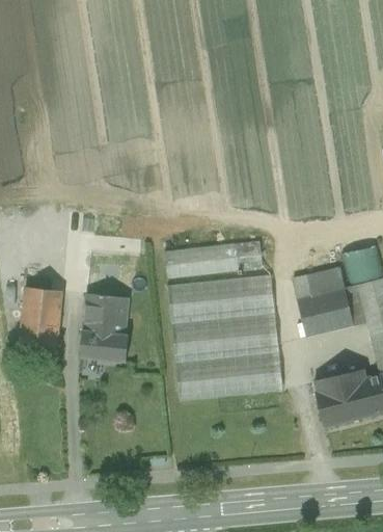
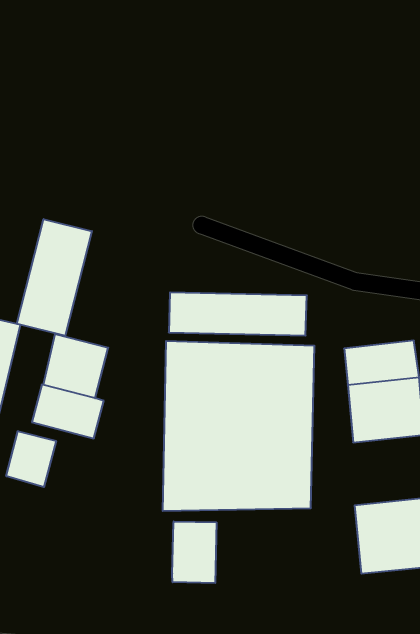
building: none -> [17,219,92,336]
building: none -> [6,431,56,487]
building: none -> [172,521,216,583]

